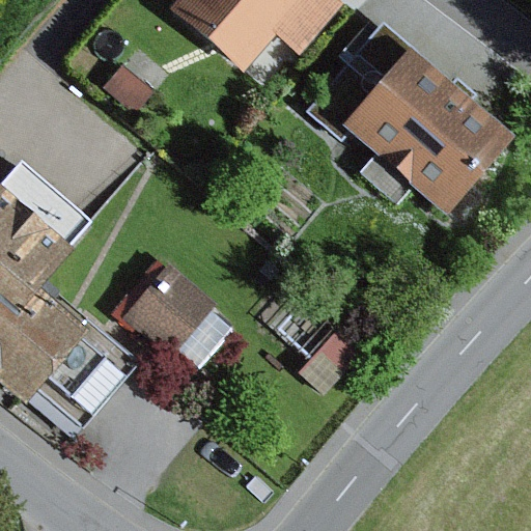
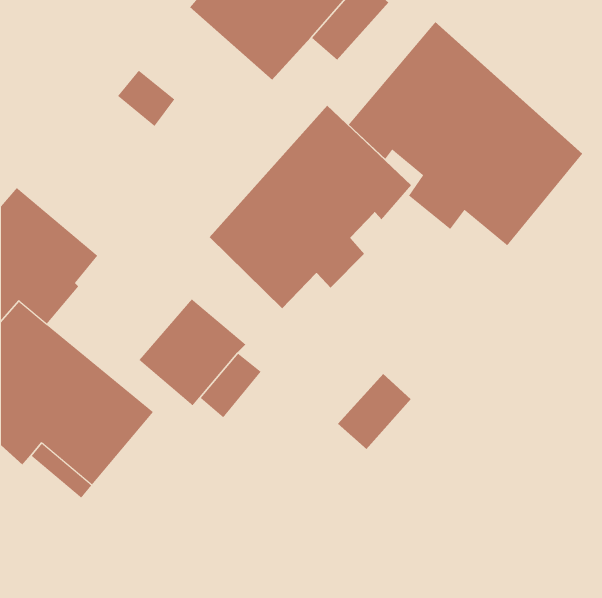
building: none -> [209,105,412,309]

